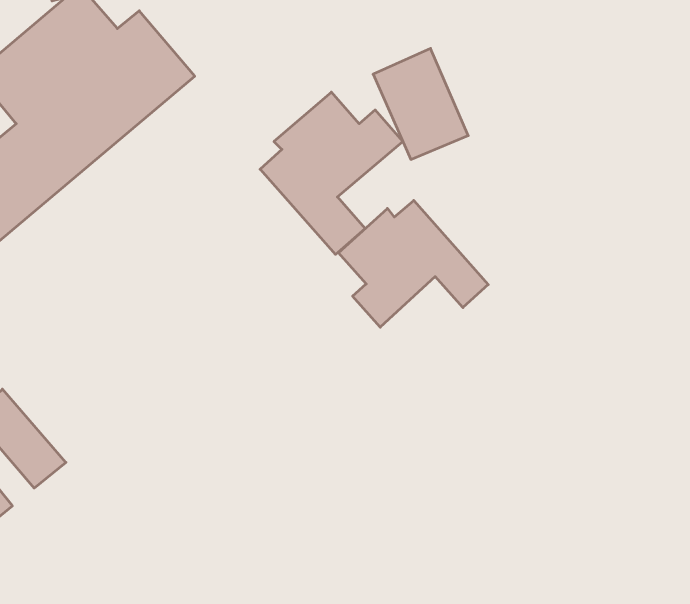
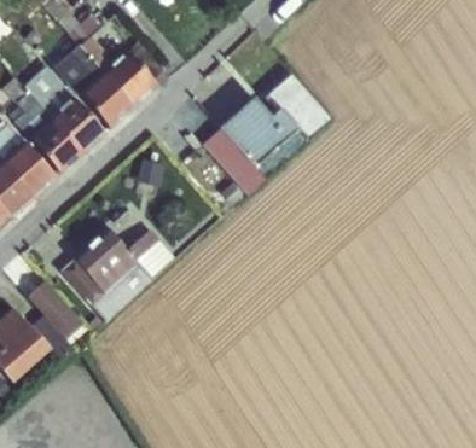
building: [339,200,488,327] -> none
building: none -> [60,226,176,321]

